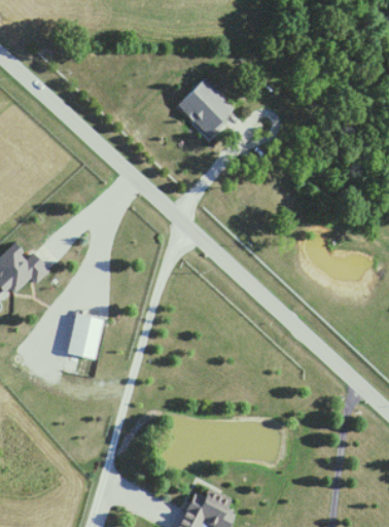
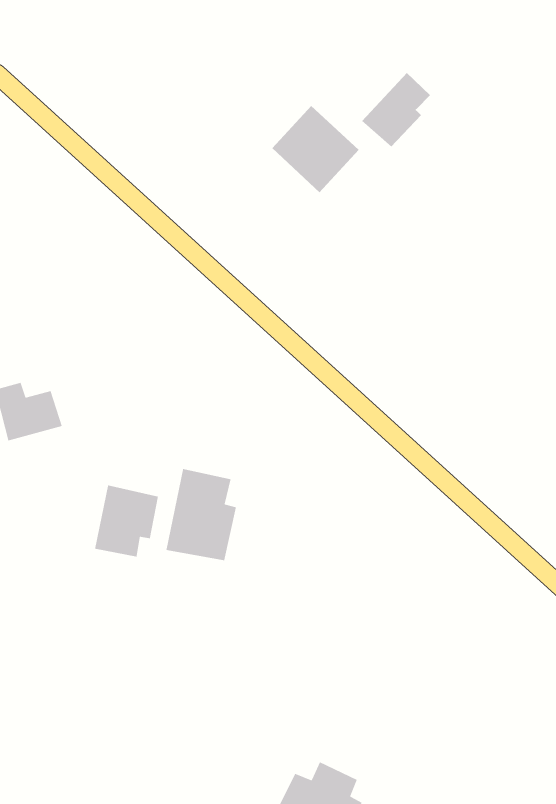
building: none -> [361,72,431,148]
building: none -> [165,468,237,561]

